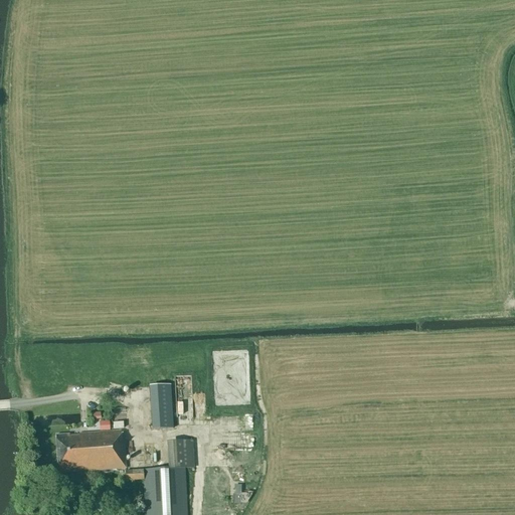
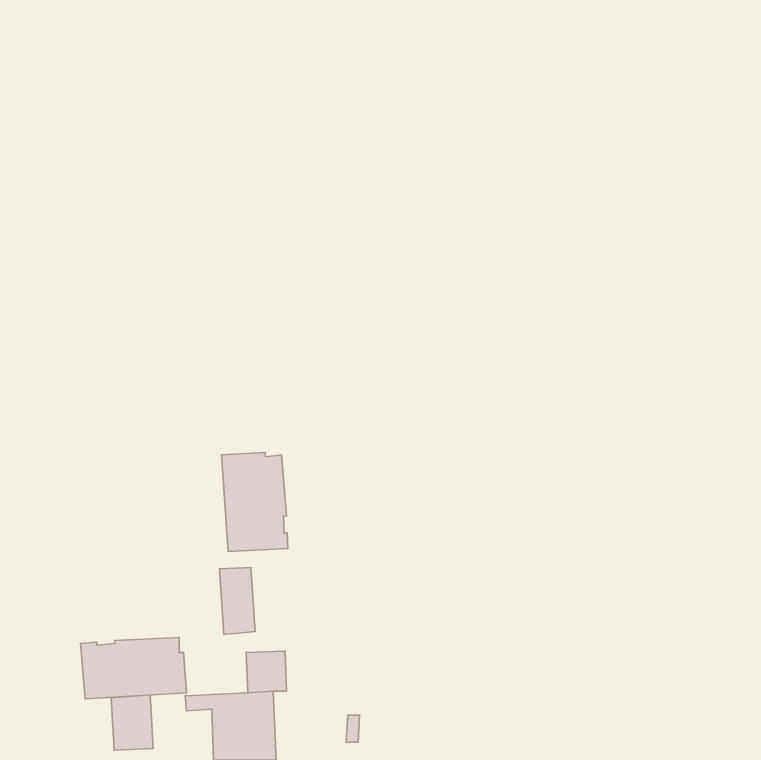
building: none -> [222,453,288,551]
building: none -> [111,695,153,750]

